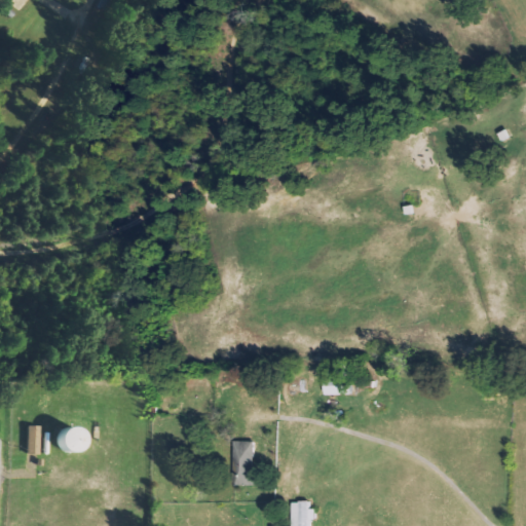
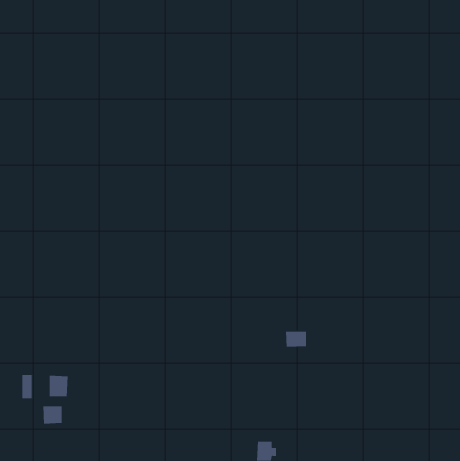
building: [233,441,259,485] -> none
building: none -> [43,405,62,424]

